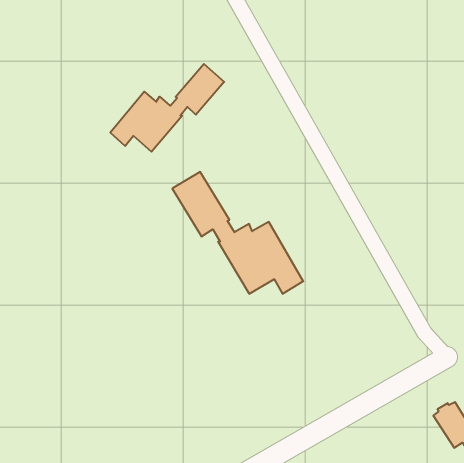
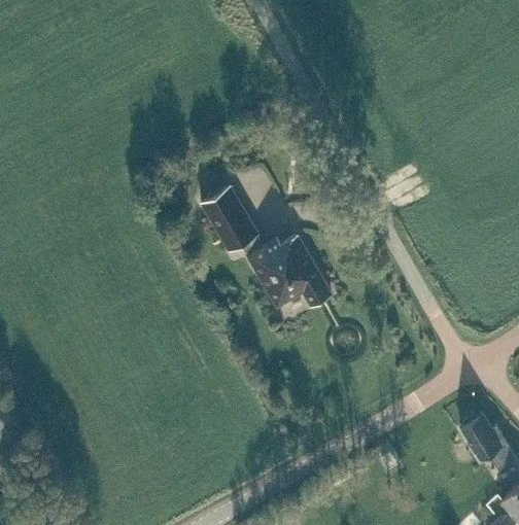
building: [110,64,224,152] -> none

